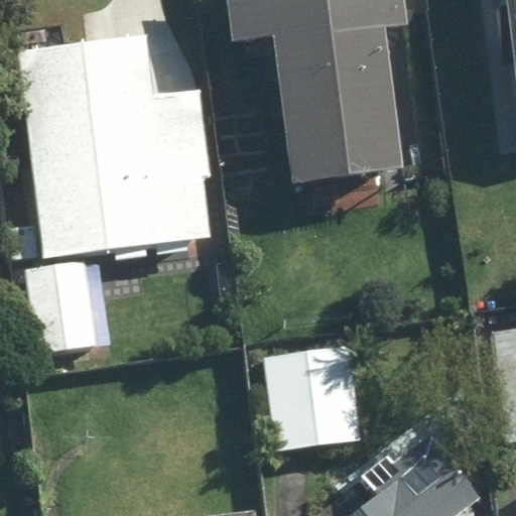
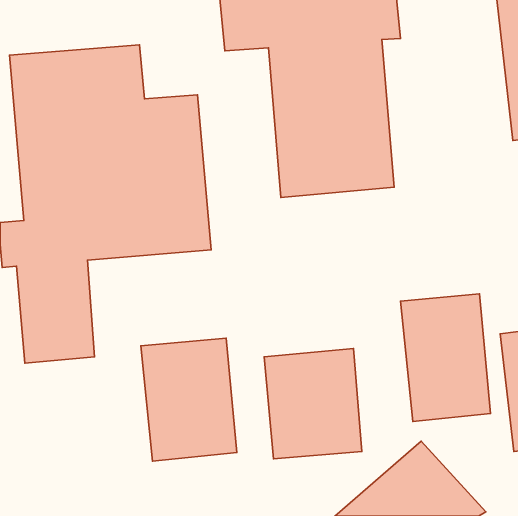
building: none -> [401,294,491,422]
building: none -> [141,338,237,461]

